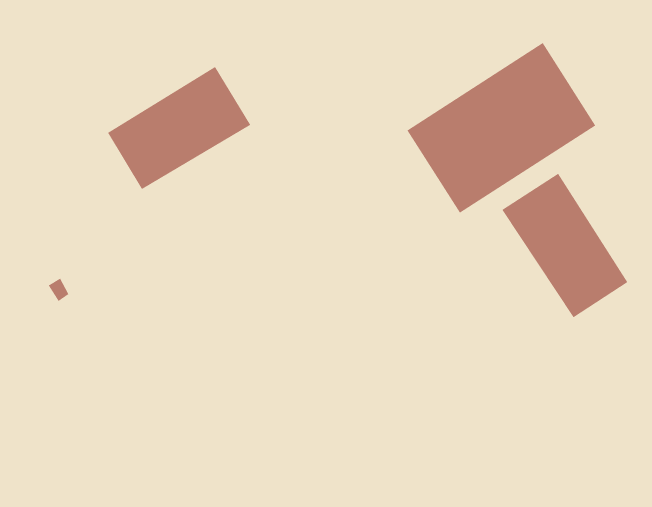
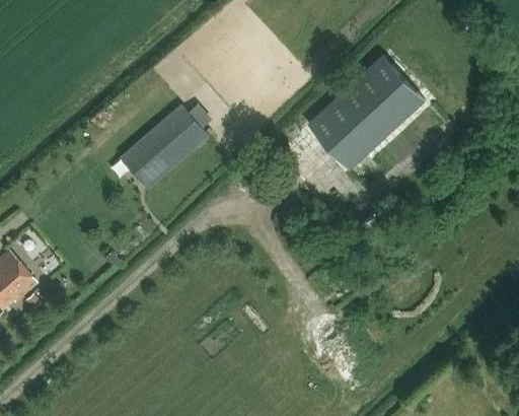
building: [501,173,628,318] -> none

